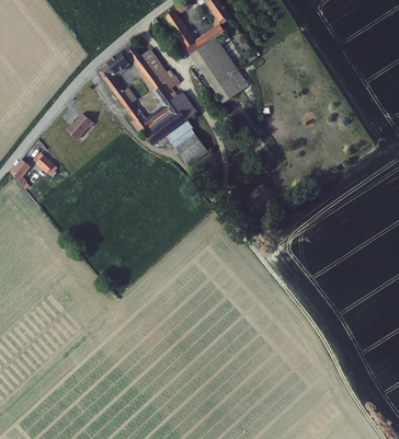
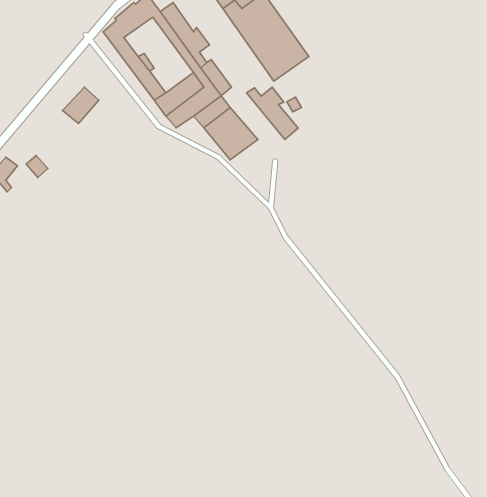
building: none -> [247,87,298,140]

